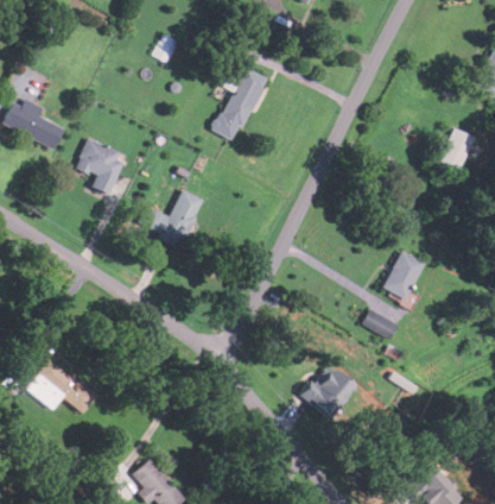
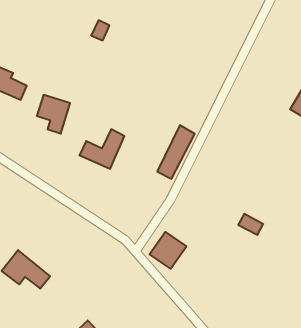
building: [215,65,268,141] -> [157,125,195,179]
building: [382,251,424,300] -> none
building: [303,365,355,417] -> [150,232,186,269]

